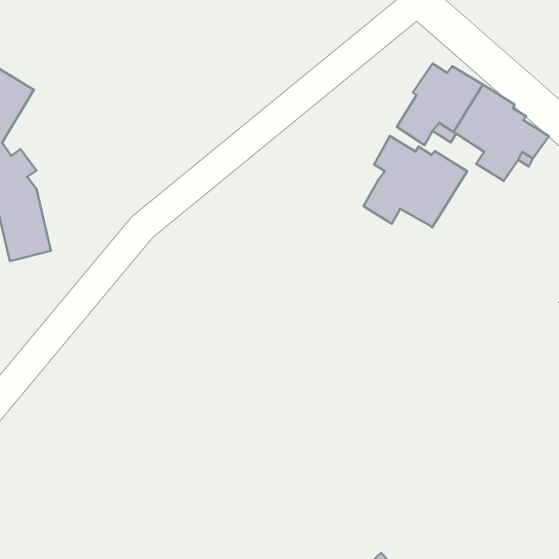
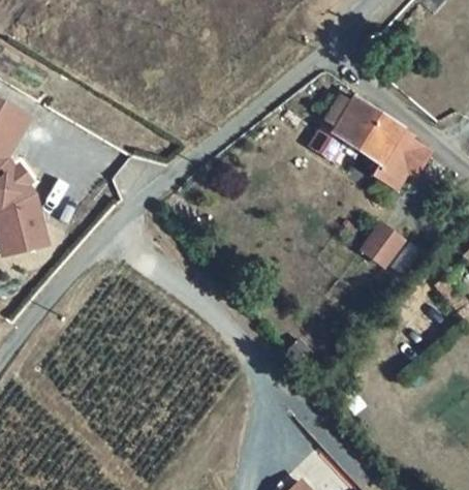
building: [364,136,467,227] -> none
building: none -> [361,225,401,267]

